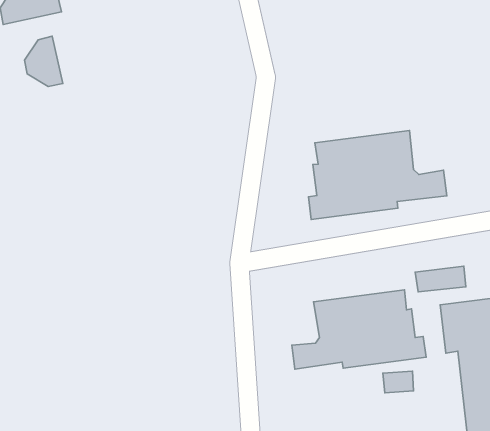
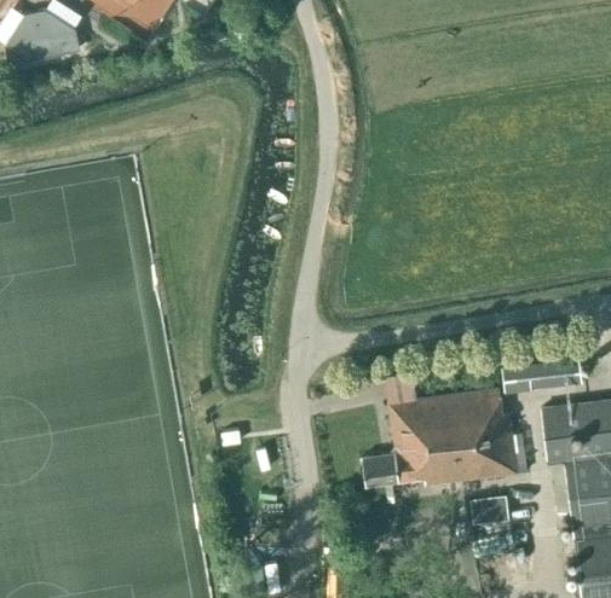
building: [24,36,63,86] -> none
building: [308,130,447,219] -> none

